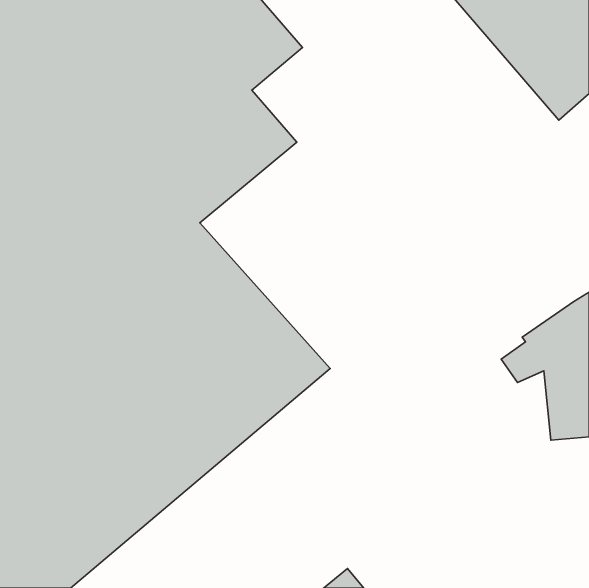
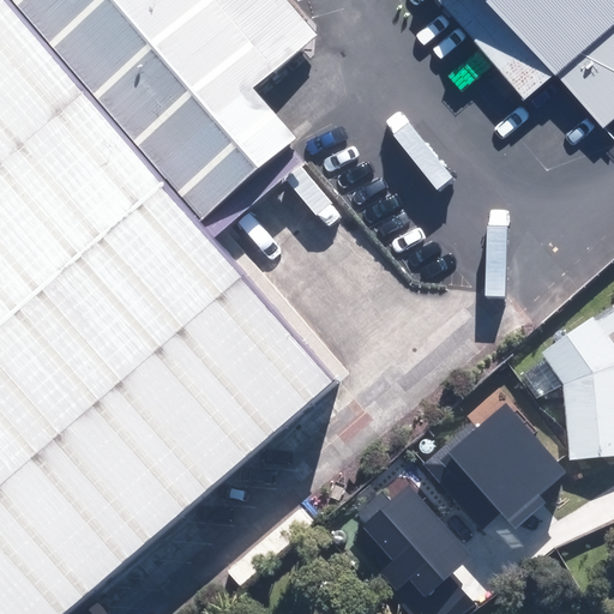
building: none -> [422,402,565,526]
building: none -> [355,482,468,591]

